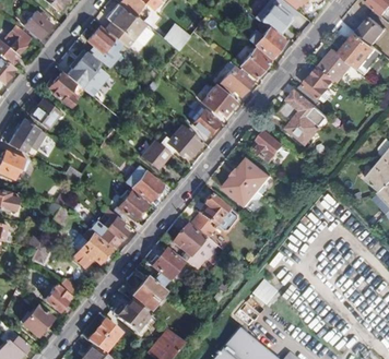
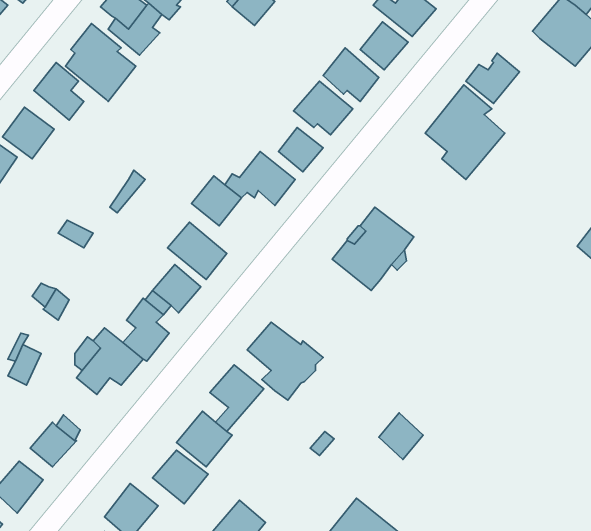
building: [318,46,352,81] -> none
building: [252,130,282,159] -> none
building: [199,195,228,225] -> none

